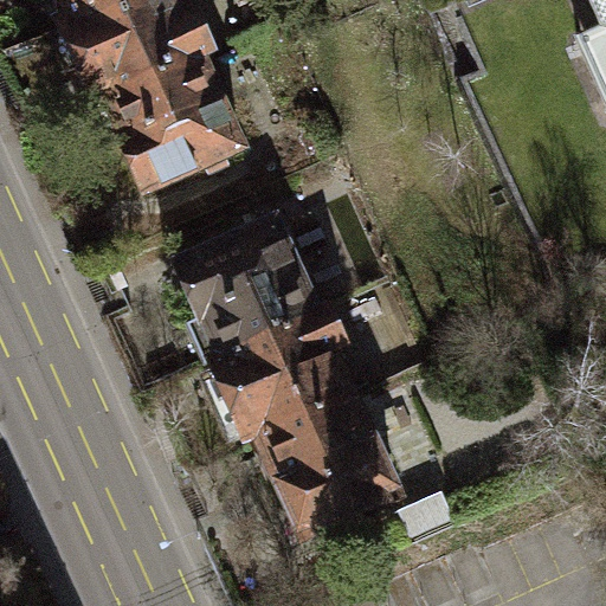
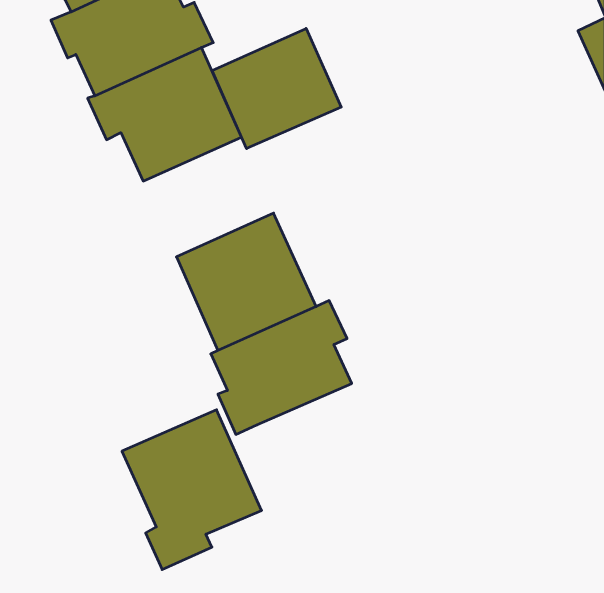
building: none -> [212,28,341,149]
building: [258,383,398,543] -> [122,410,262,570]

